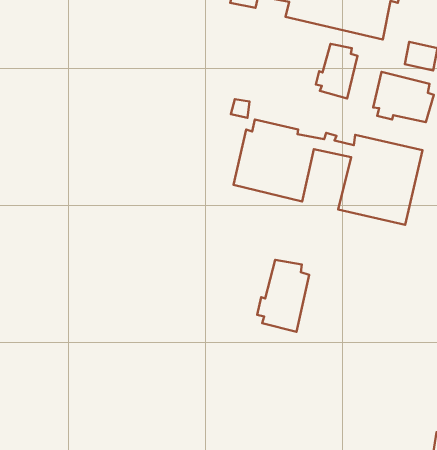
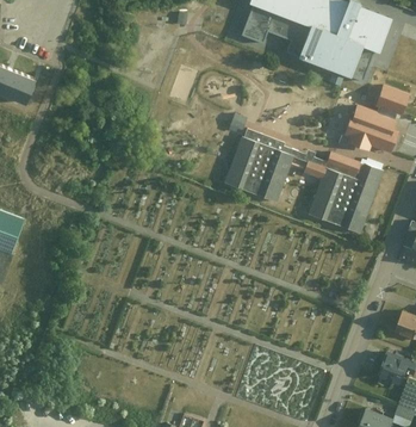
building: [316,44,358,98] -> none
building: [257,260,309,332] -> none

